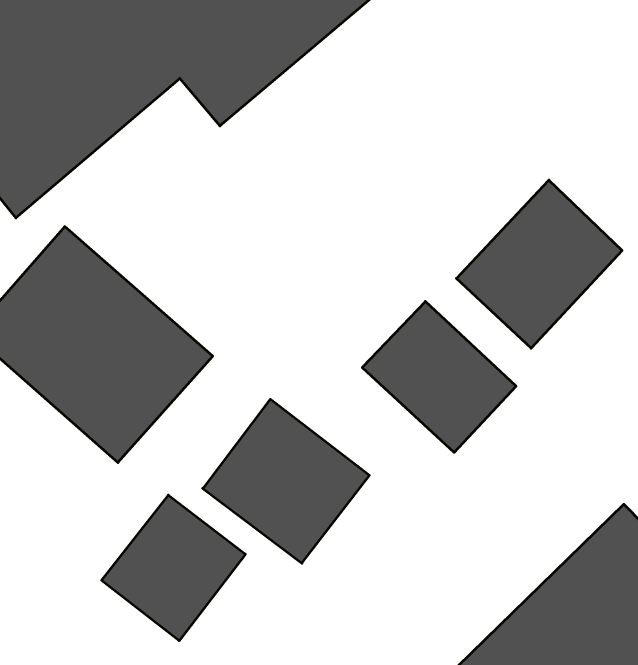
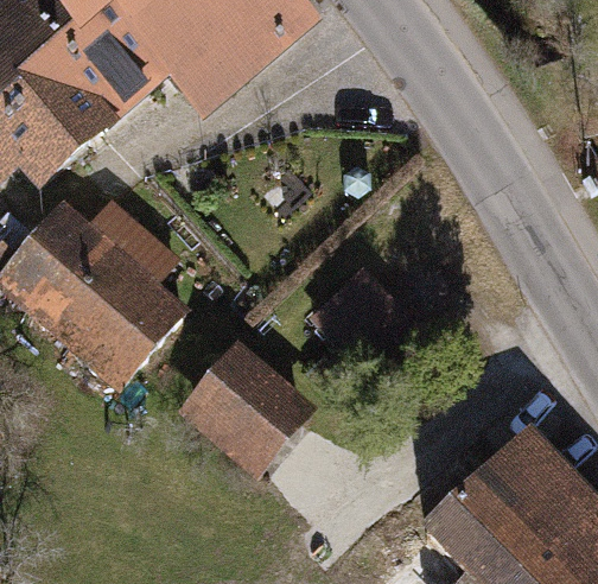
building: [456,180,622,348] -> none
building: [102,495,245,641] -> none

